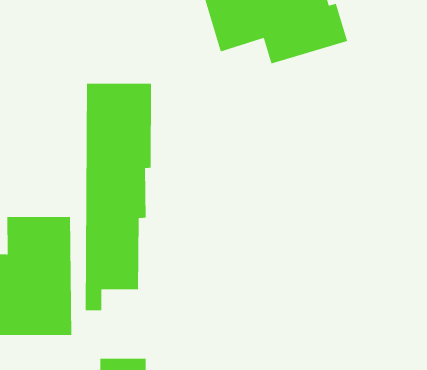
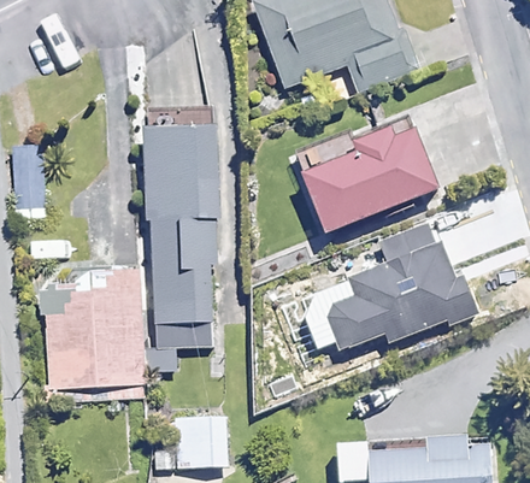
building: none -> [302,118,437,232]
building: none -> [328,224,475,349]

